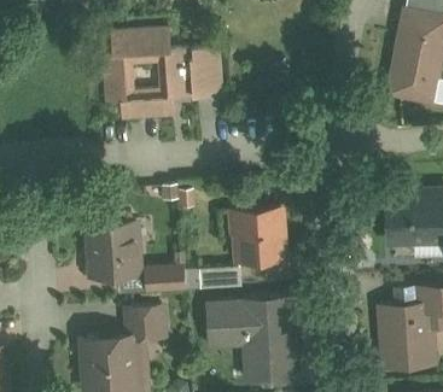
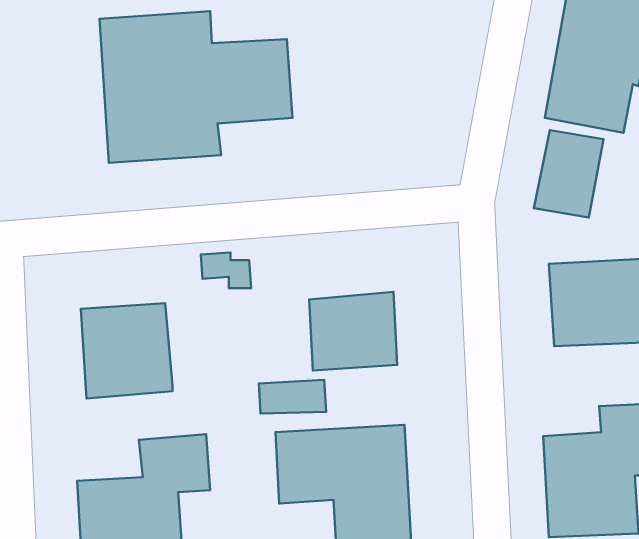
building: none -> [534,130,603,218]
building: [141,267,186,293] -> none

